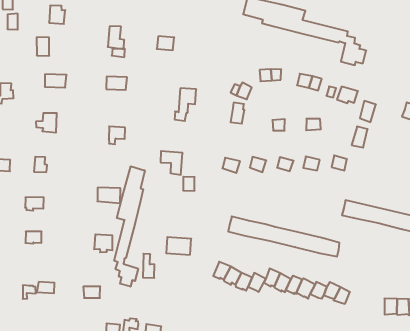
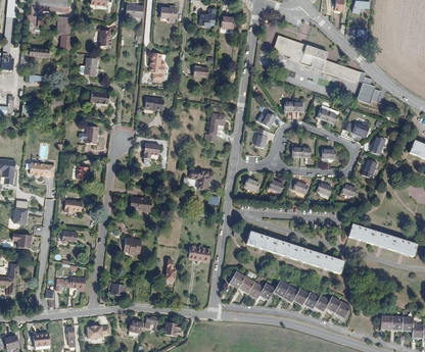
building: [114,166,145,287] -> none

